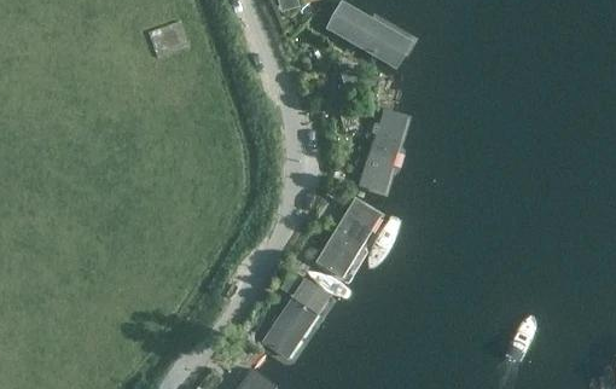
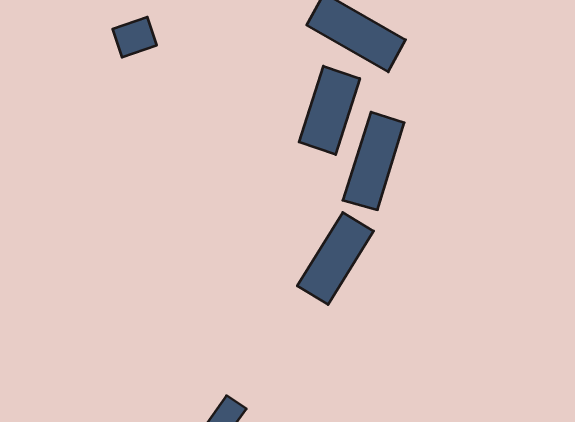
building: none -> [299,66,360,155]
building: [262,280,338,370] -> none

